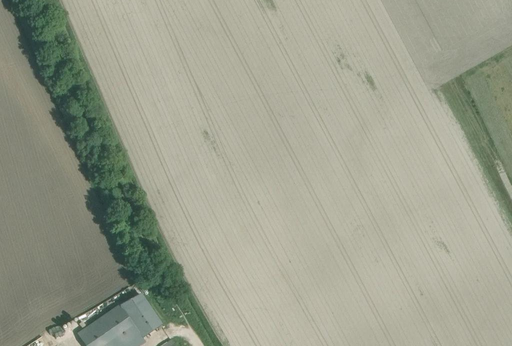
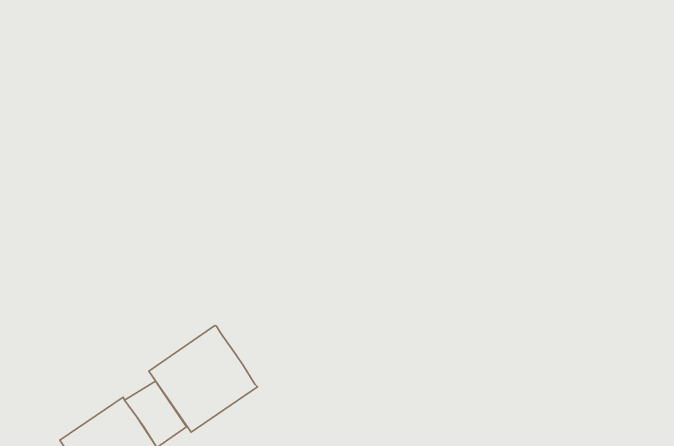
building: none -> [149,326,257,432]

